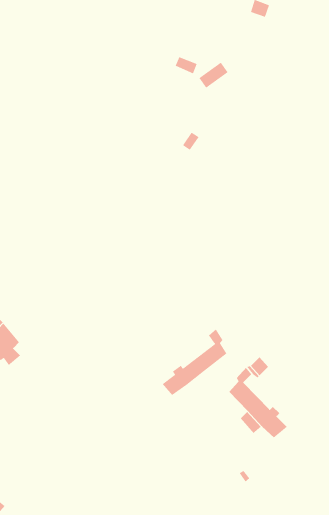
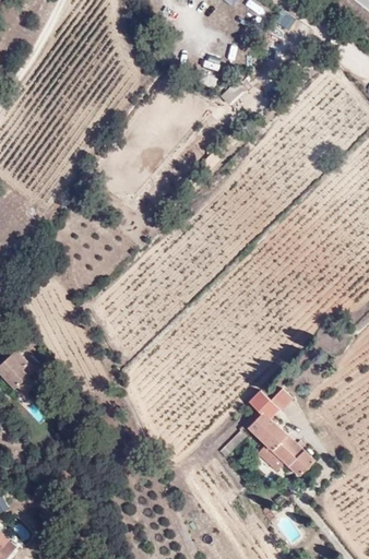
building: [162,329,227,396] -> none

